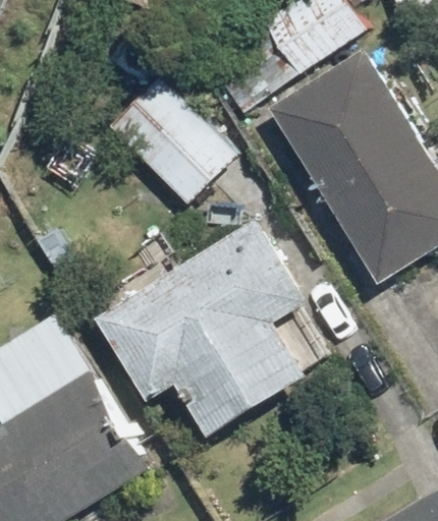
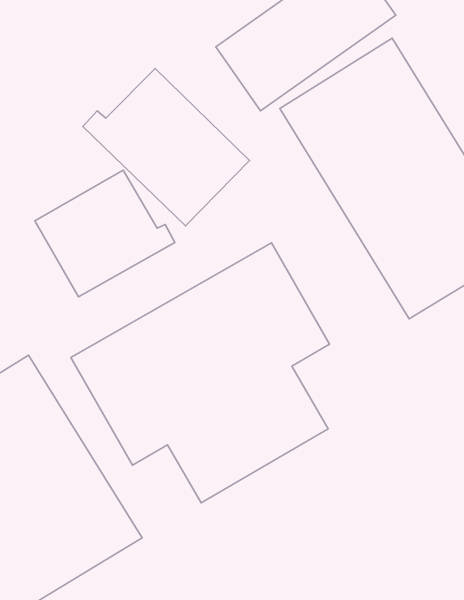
building: none -> [35,170,175,297]

